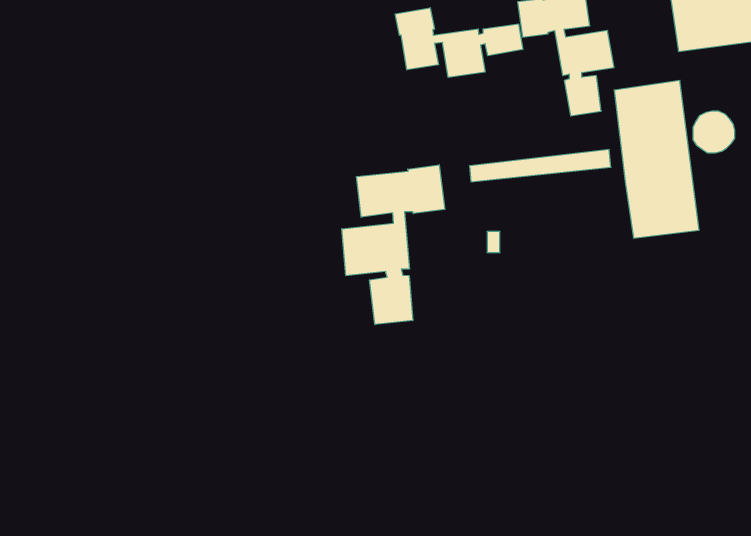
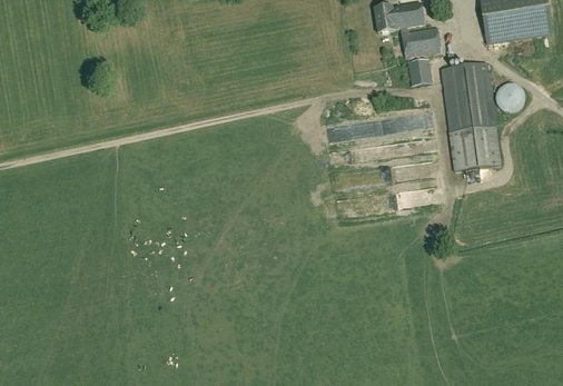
building: [395,8,523,77] -> none
building: [342,165,445,325] -> none

